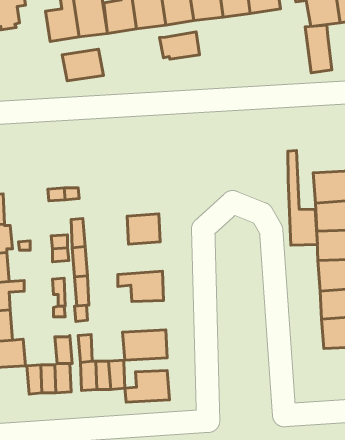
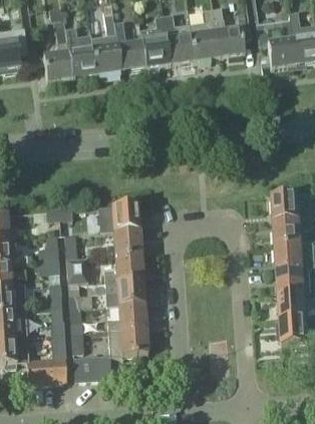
building: [305,25,332,73] -> none
building: [159,32,200,59] -> none
building: [62,49,104,81] -> none
building: [288,151,317,245] -> none
building: none -> [99,202,139,232]
building: none -> [103,253,142,281]
building: [125,371,169,402] -> [107,303,145,330]

